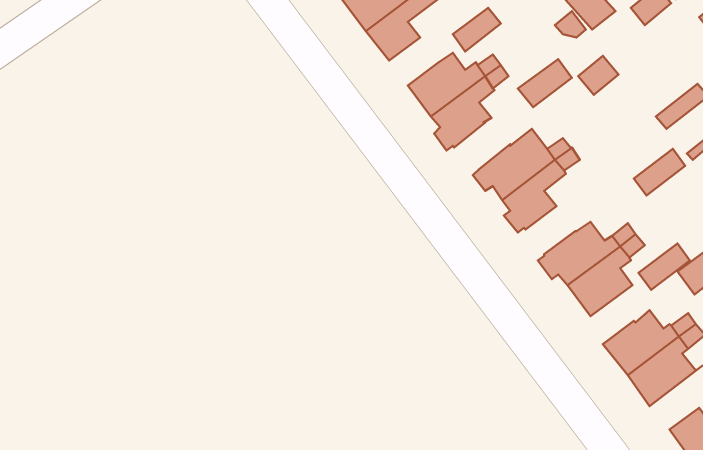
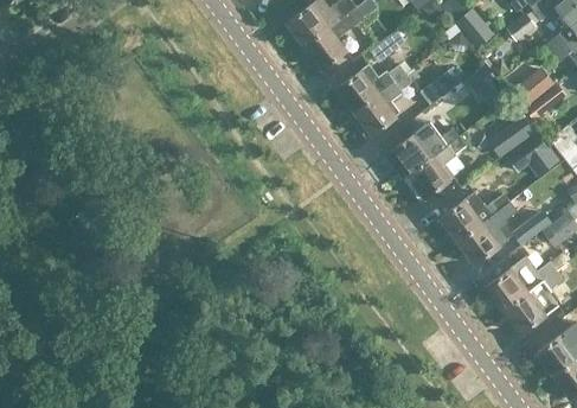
building: none -> [512,66,556,107]
building: none -> [488,114,536,157]

